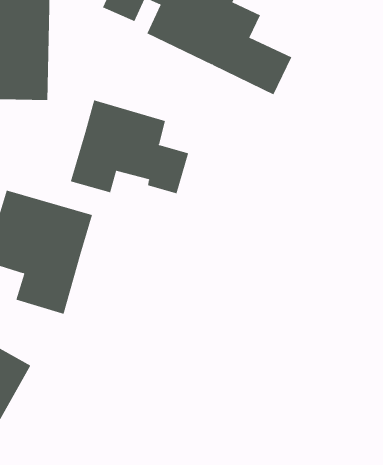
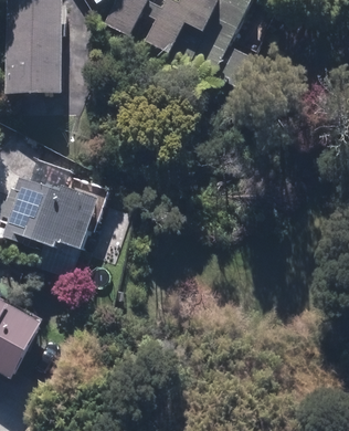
building: [70,100,189,194] -> none

